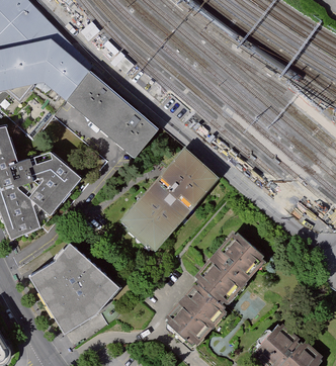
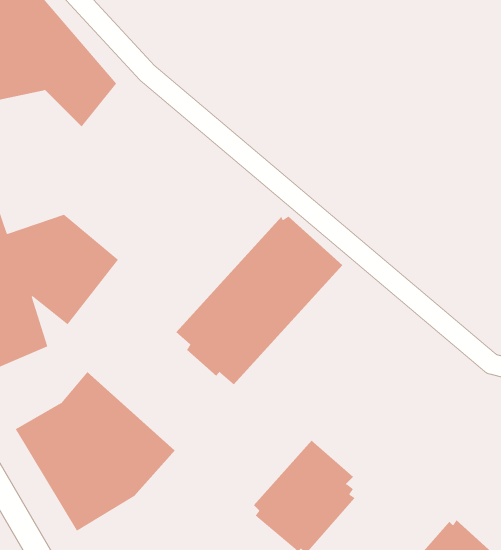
building: [67,76,154,157] -> none
building: [195,235,262,303] -> none

